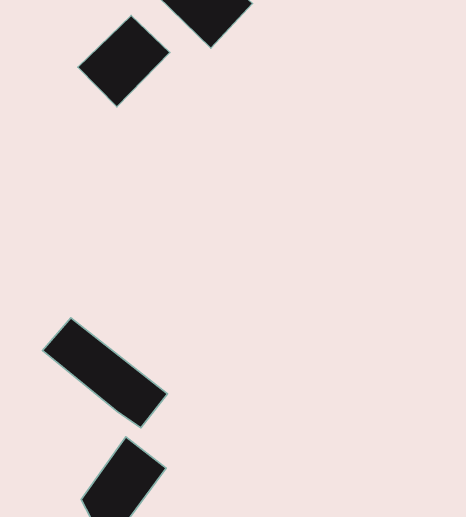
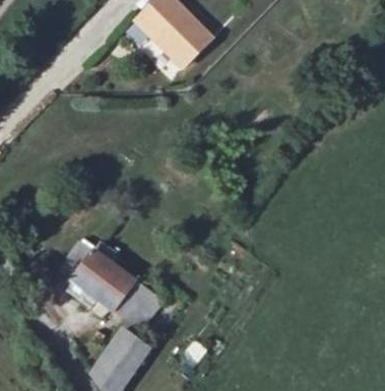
building: [78,15,170,107] -> none

